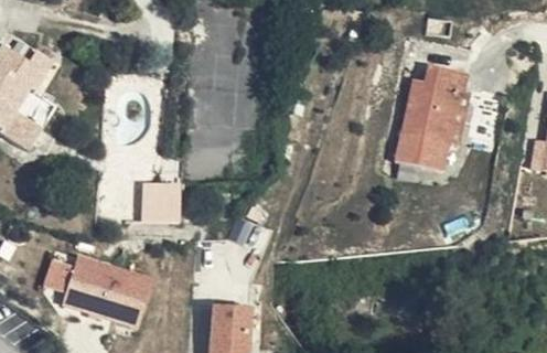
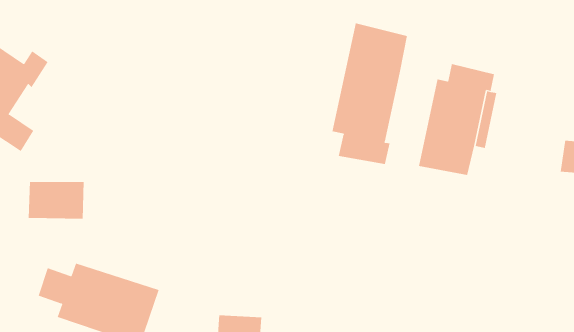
building: none -> [332,23,408,165]
building: [128,186,181,222] -> [28,181,85,219]

